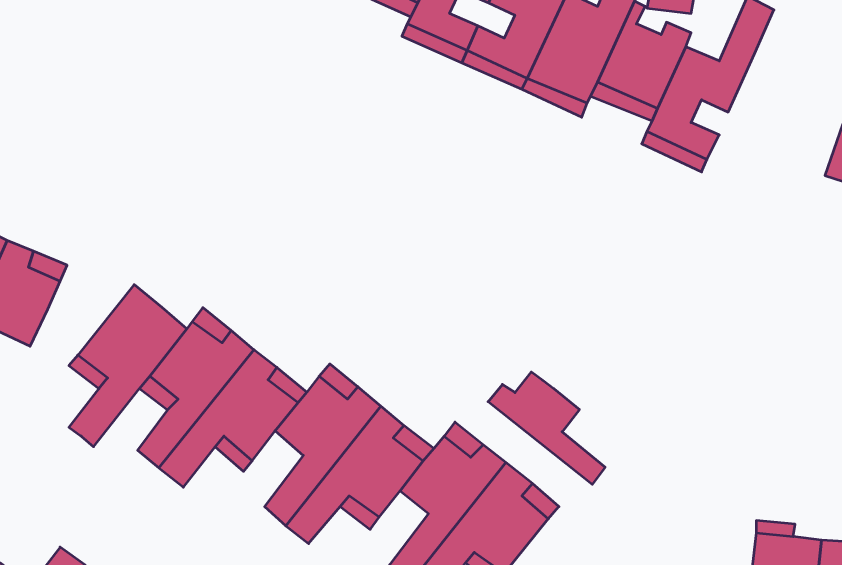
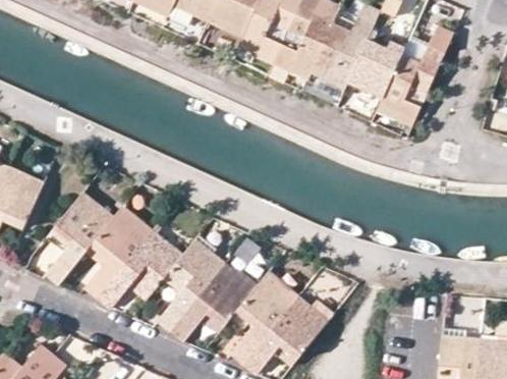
building: [488,372,605,484] -> none

